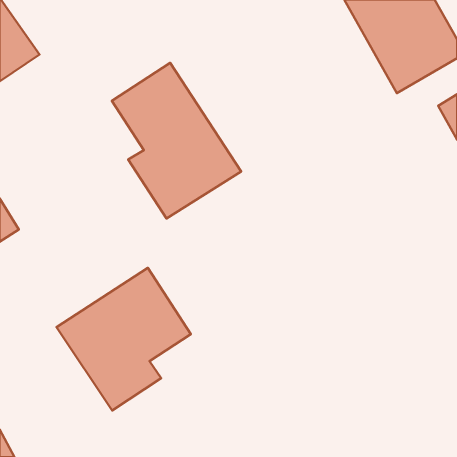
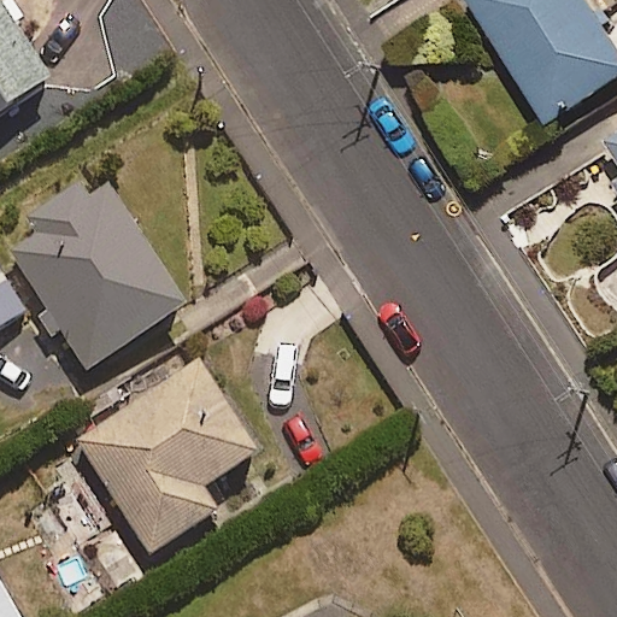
building: [112,63,241,219] -> none
building: none -> [8,184,184,366]

